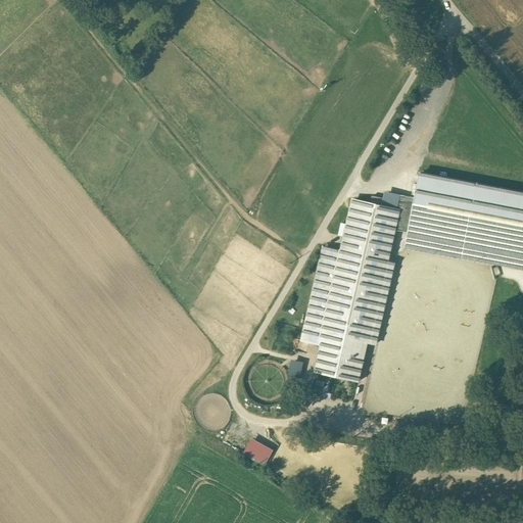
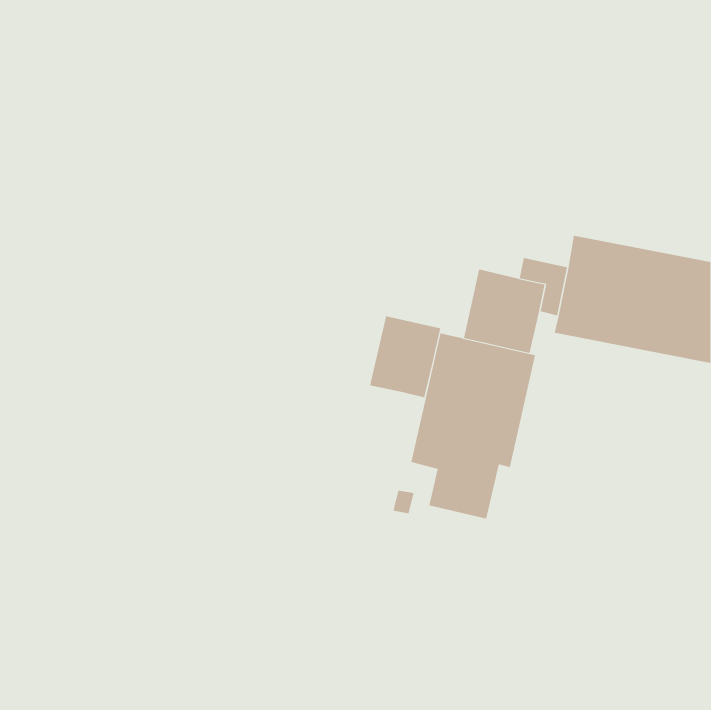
building: none -> [369,315,441,398]
building: [244,437,273,464] -> none

